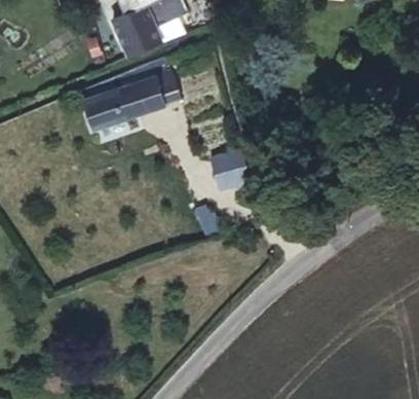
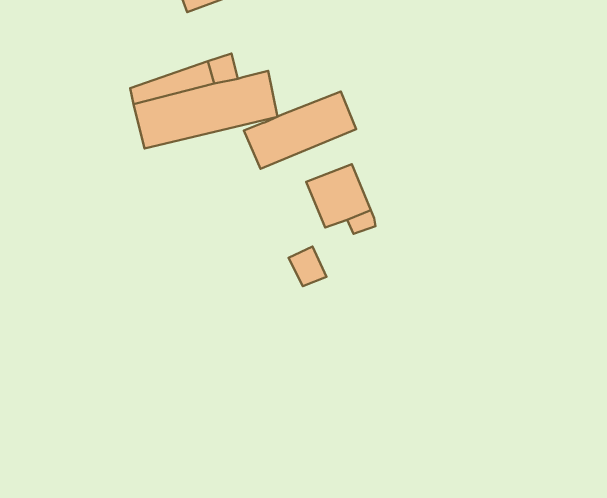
building: none -> [244,91,356,169]

